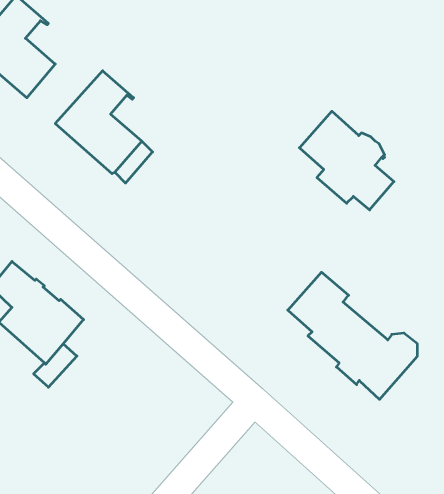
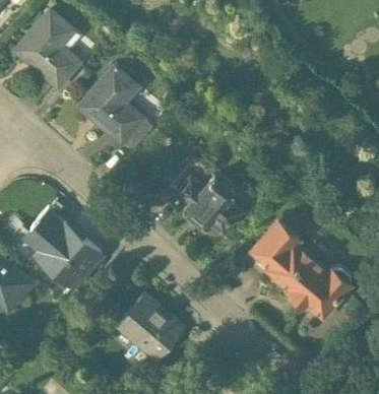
building: [299,111,394,210] -> [171,159,242,234]
building: none -> [117,293,183,358]

